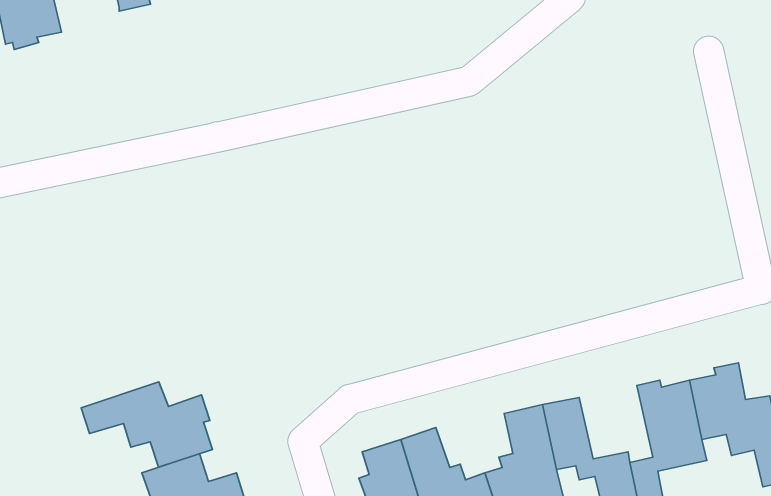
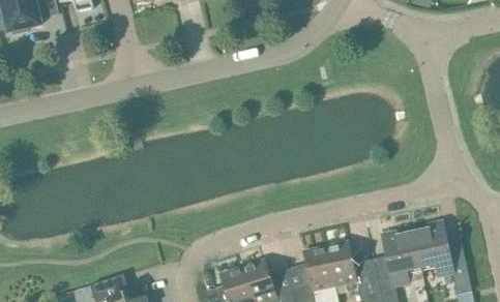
building: [81,382,213,467] -> none

